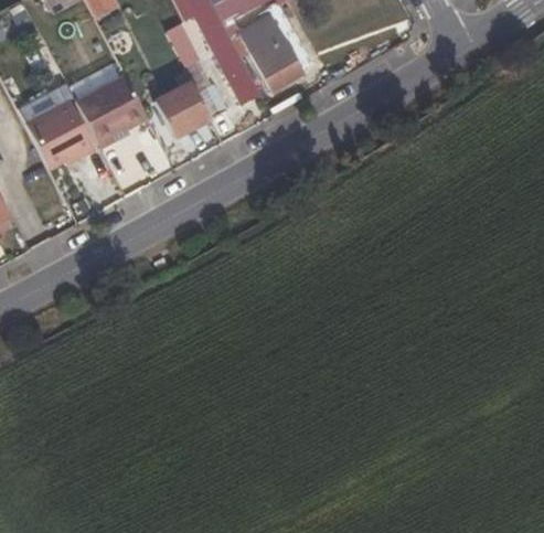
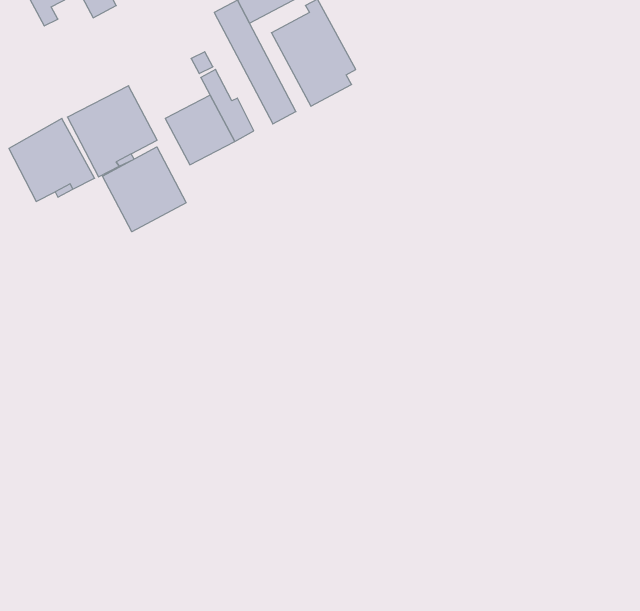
building: none -> [103,147,186,232]

